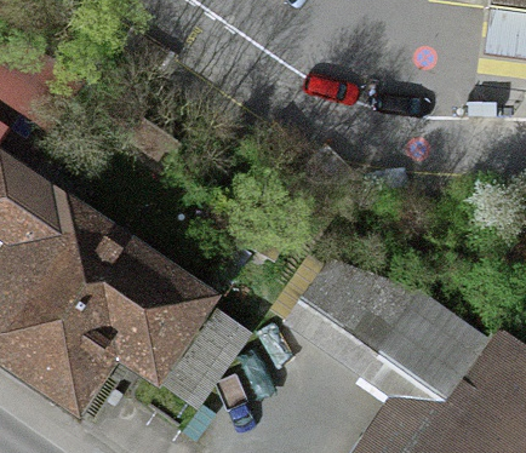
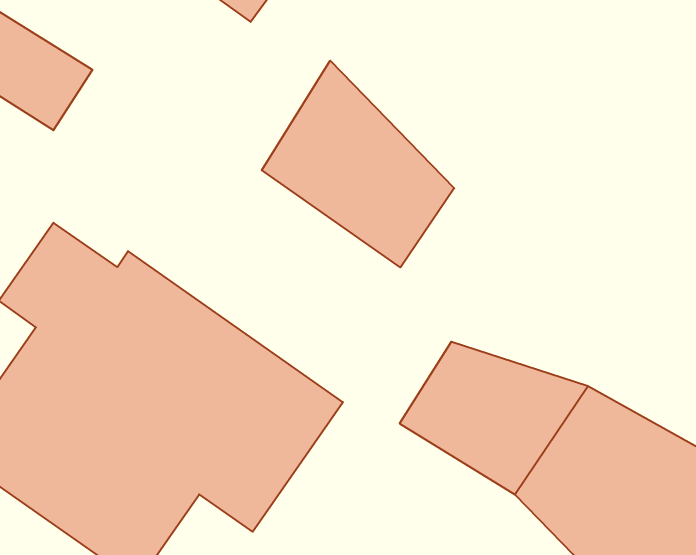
building: none -> [262,61,454,267]

